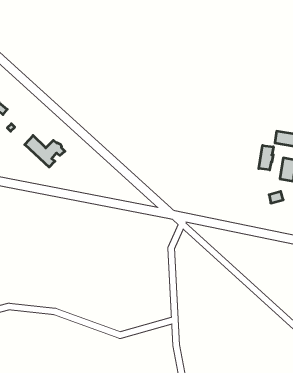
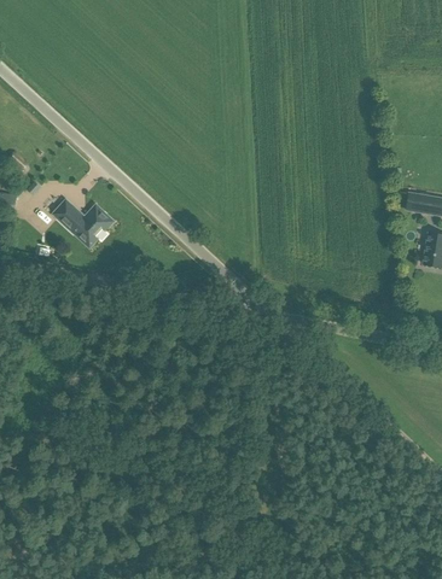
building: [259,145,273,170] -> none

